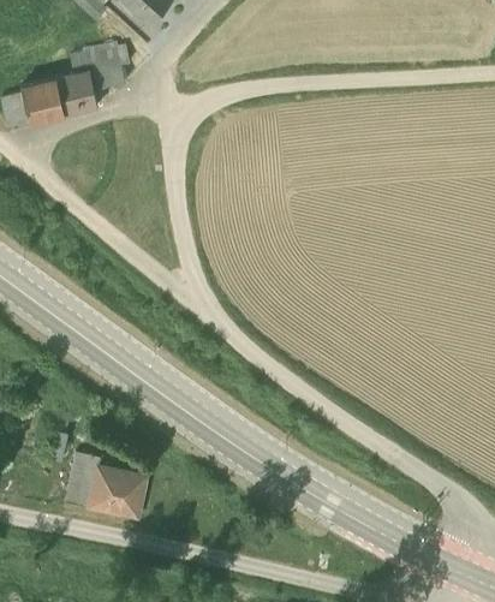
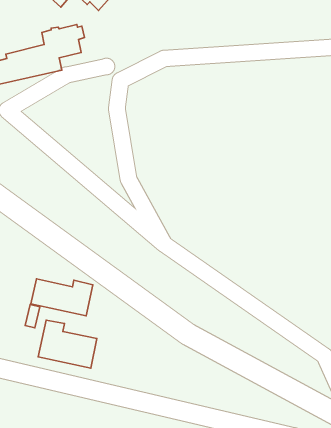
building: none -> [31,279,93,316]

